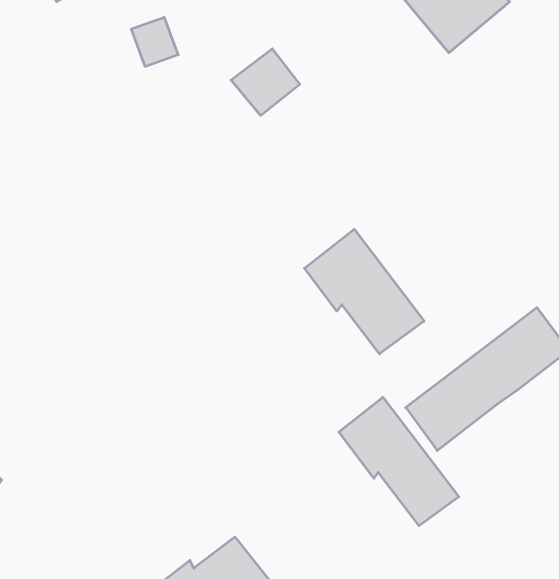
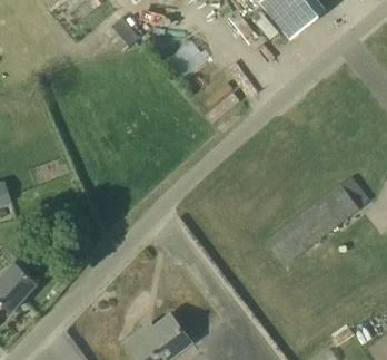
building: [304,229,424,354] -> none
building: [339,397,459,526] -> none

